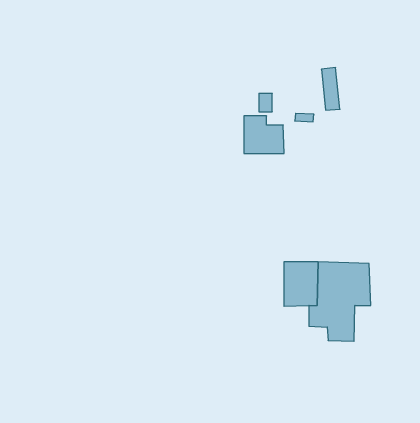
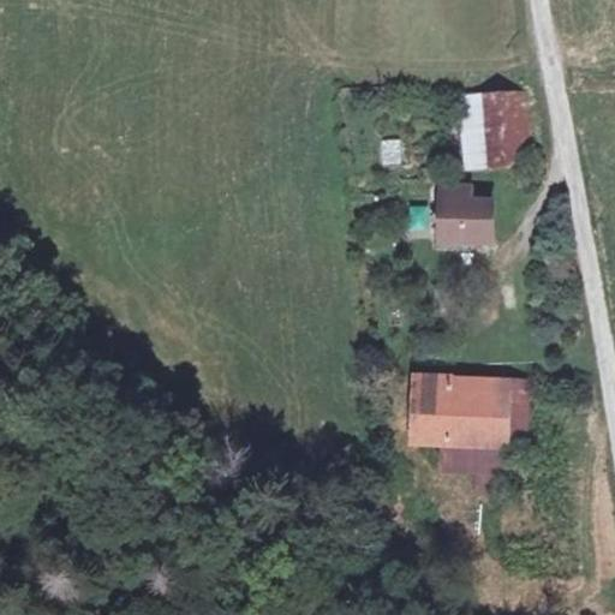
building: none -> [483,94,532,157]
building: [244,116,284,153] -> [434,183,491,237]

